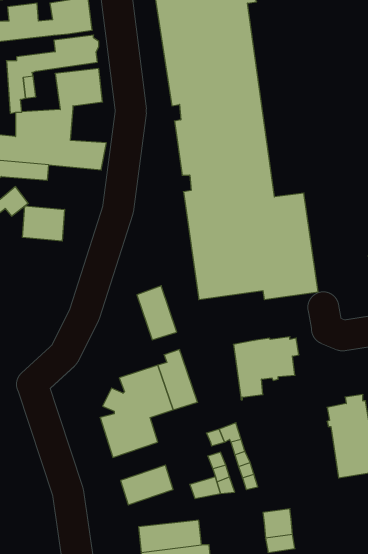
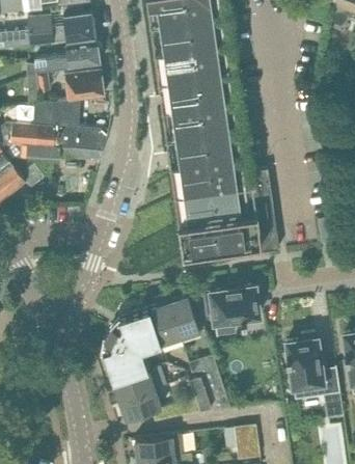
building: [23,206,65,241] -> none
building: [137,286,177,340] -> [168,296,200,339]
building: none -> [112,372,155,403]

